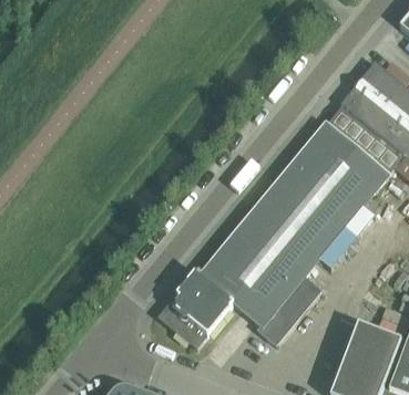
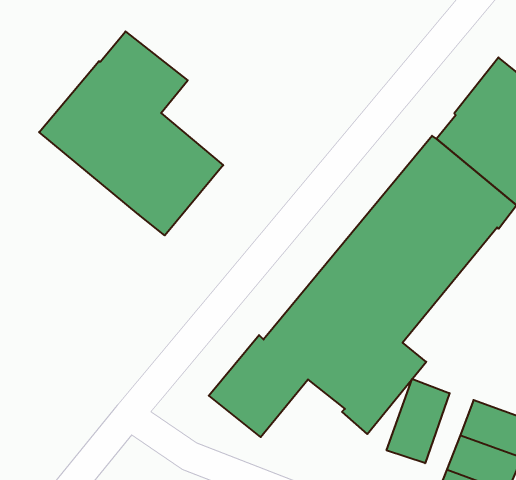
building: none -> [39,31,223,235]
building: none -> [387,379,450,463]

